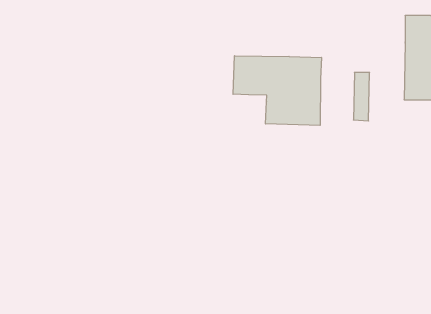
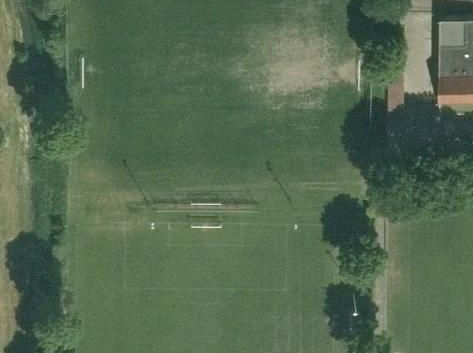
building: [233,56,321,125] -> none

